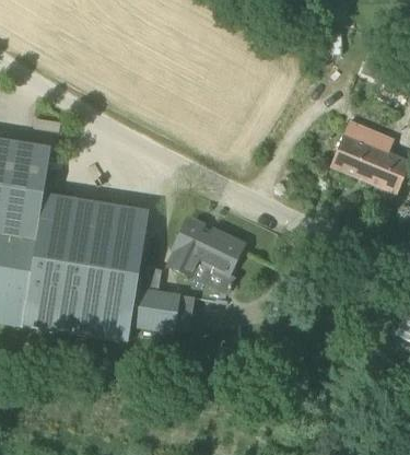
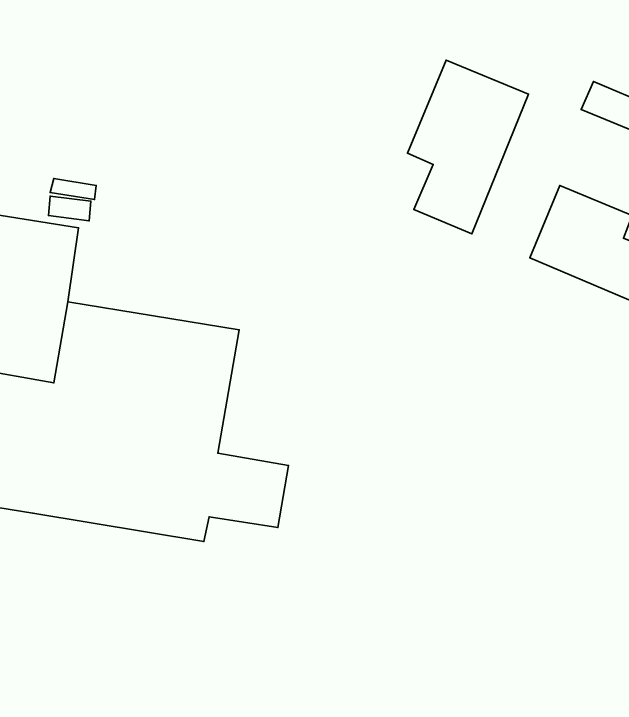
building: none -> [408,60,528,234]
building: [167,217,244,293] -> none

